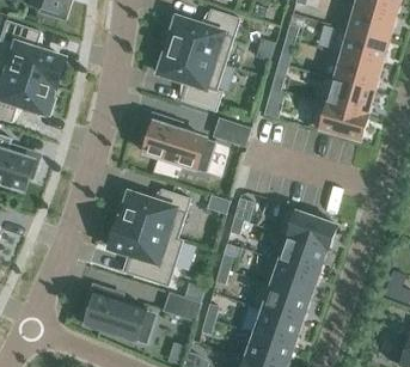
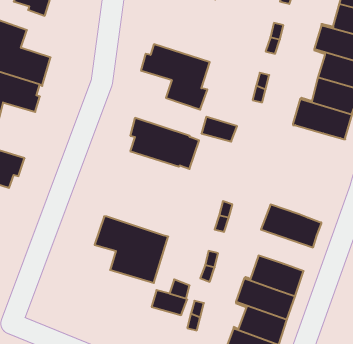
building: [167,8,240,63] -> none
building: [120,188,190,238] -> none
building: [274,232,329,274] -> none
building: [85,292,155,342] -> none

